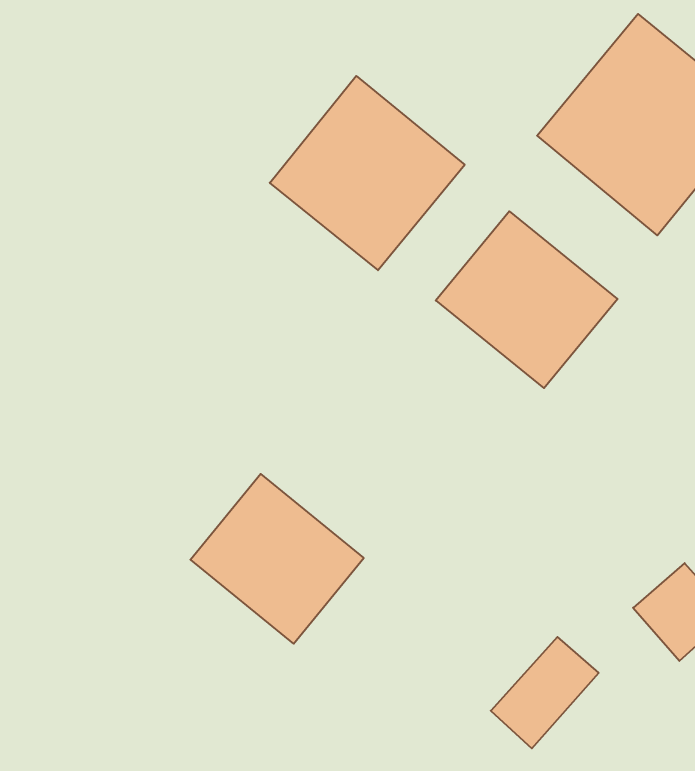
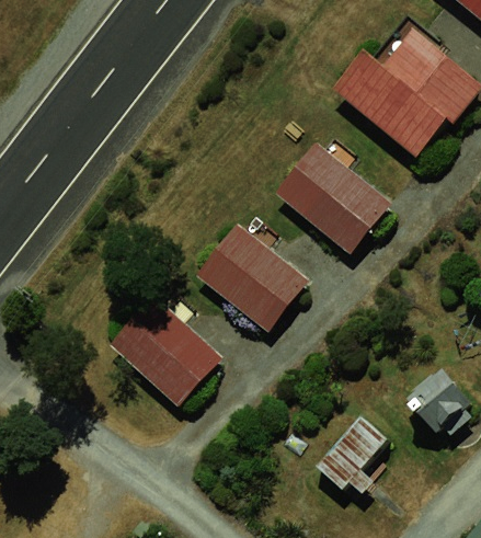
building: [270,76,465,270] -> none
building: none -> [202,220,318,334]

